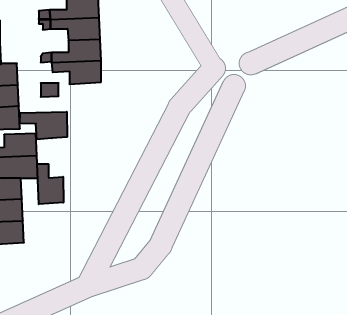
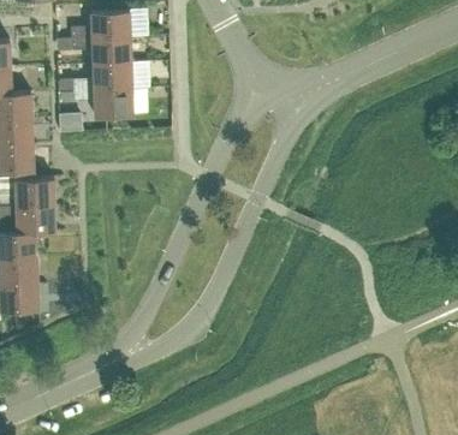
building: [20,112,67,139] -> none
building: [37,164,63,204] -> none

